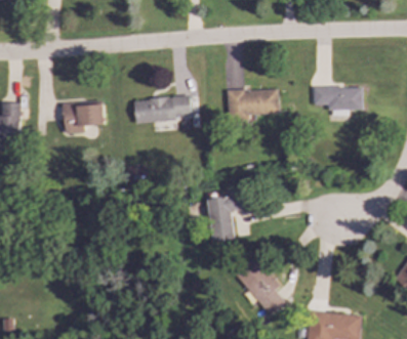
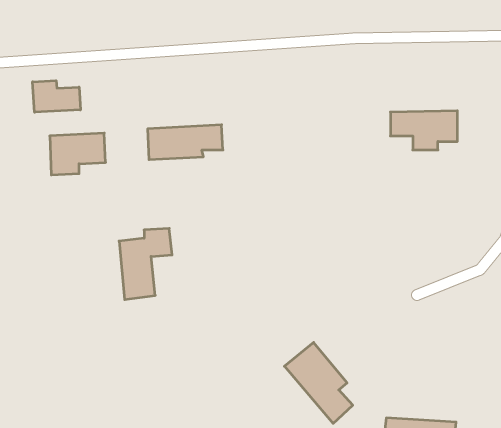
building: none -> [33,81,80,112]
building: [227,88,278,118] -> none
building: [207,189,246,242] -> [119,228,172,300]

